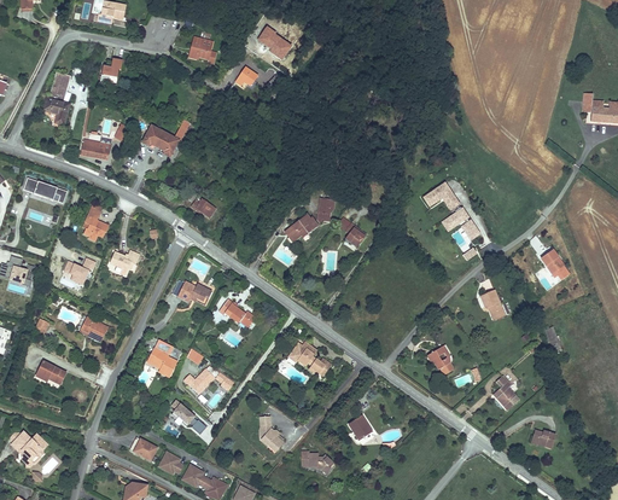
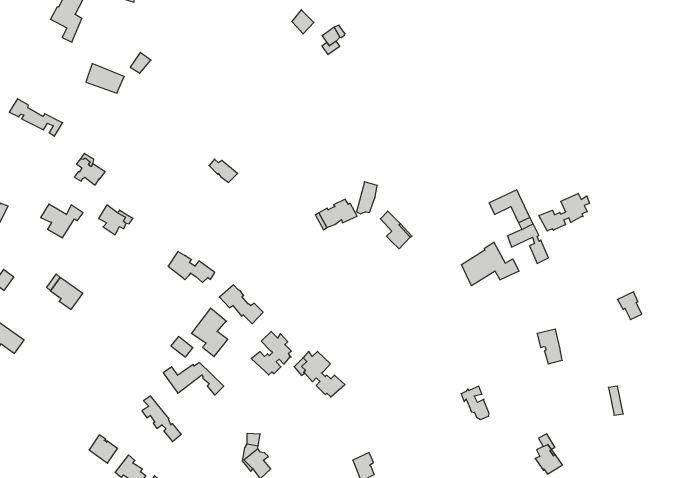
building: [142,120,190,156] -> none
building: none -> [539,193,589,231]
building: none -> [462,242,519,286]
building: none -> [251,331,291,375]
building: [147,338,177,377] -> [191,308,228,357]

